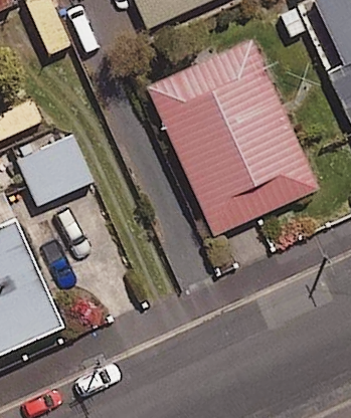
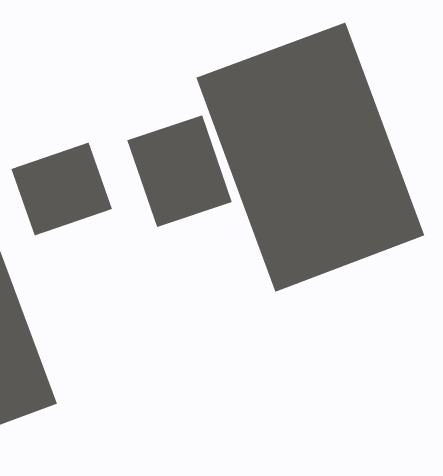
building: none -> [127,115,232,228]

